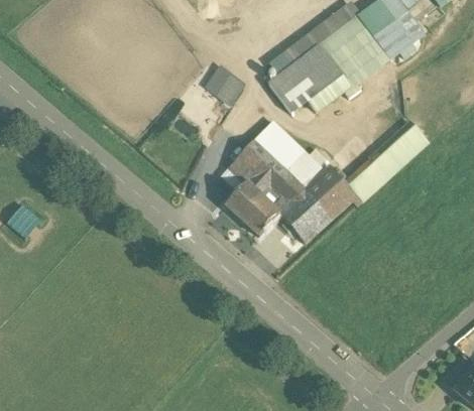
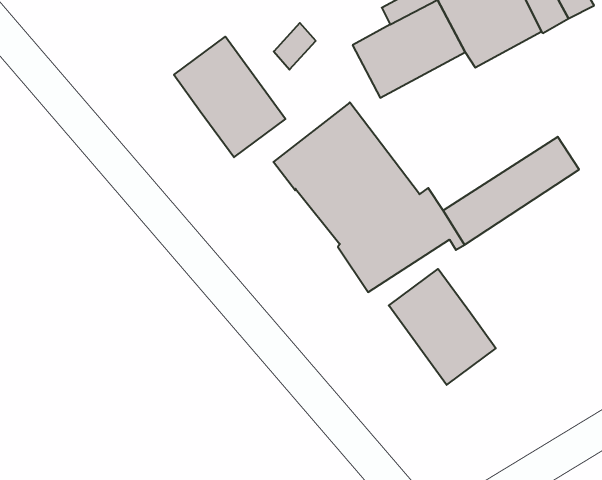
building: none -> [174,37,285,157]
building: [225,180,279,235] -> none
building: none -> [389,269,496,385]

